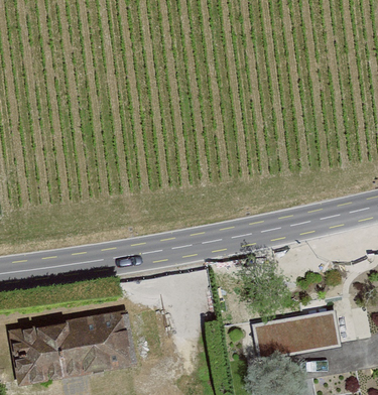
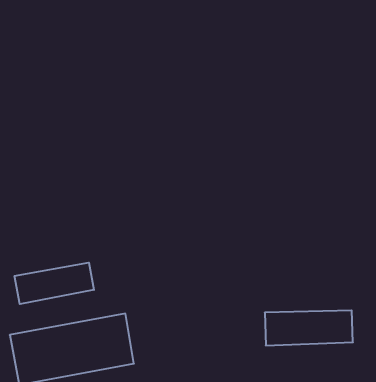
building: none -> [15,263,94,304]

